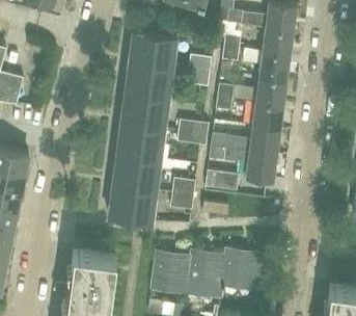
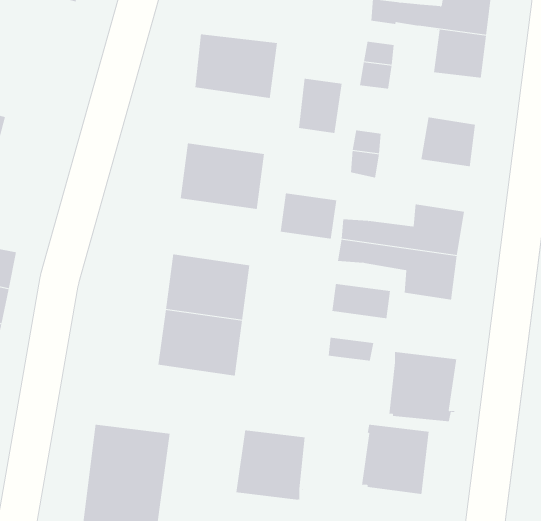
building: [261,51,291,80] -> none
building: [126,59,172,97] -> none
building: [253,100,284,129] -> none
building: [117,122,165,159] -> none
building: [171,178,196,209] -> none
building: [189,249,227,289] -> [389,351,457,422]

